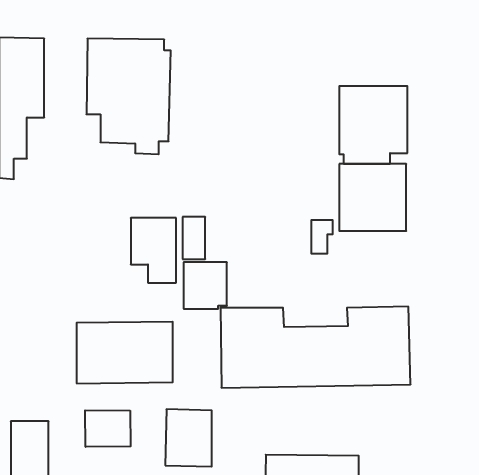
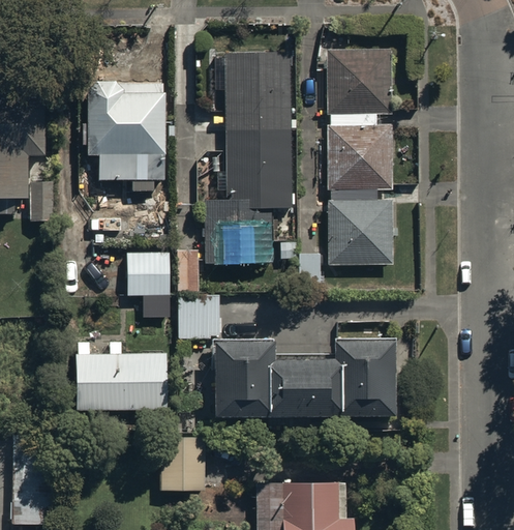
building: none -> [327,51,391,126]
building: none -> [203,55,290,263]
building: [85,410,131,447] -> none

